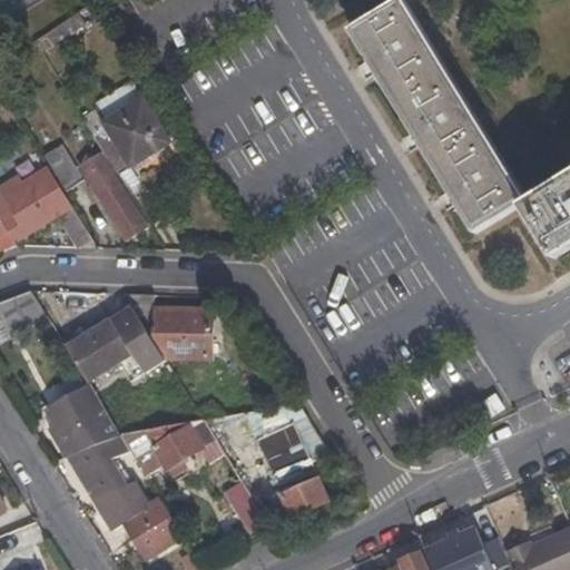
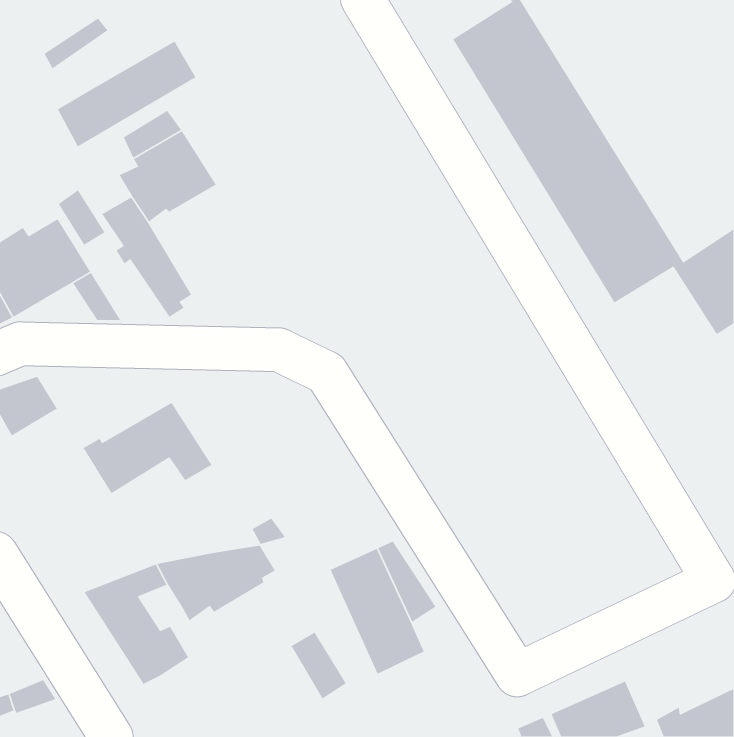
building: none -> [57,40,196,147]
building: [125,296,208,358] -> none
building: [46,384,120,455] -> none
building: [124,499,183,559] -> none

